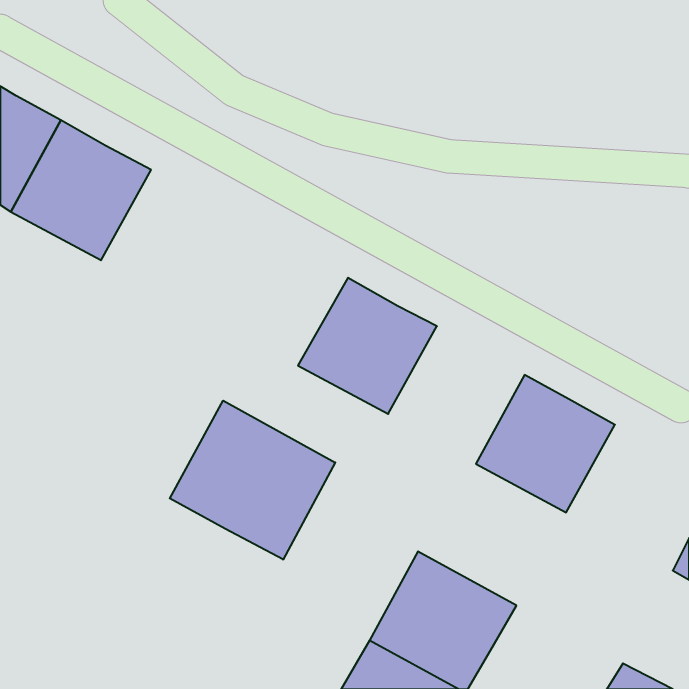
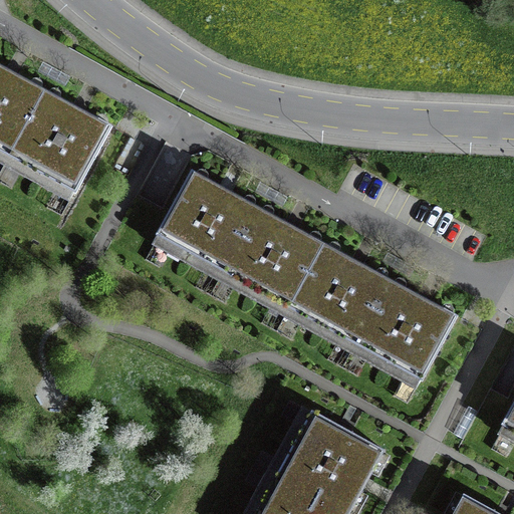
building: none -> [156,170,259,272]
building: none -> [289,243,391,345]
building: [170,401,335,560] -> none

